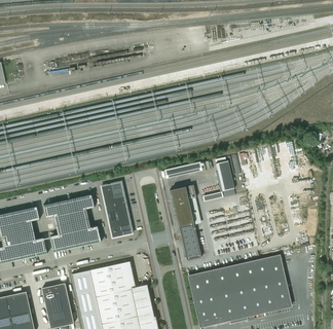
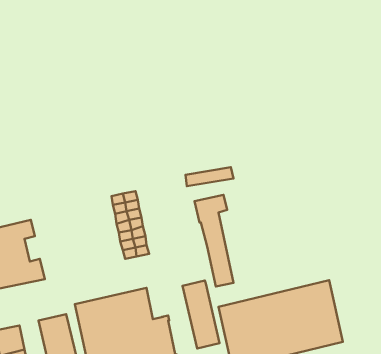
building: [215,160,233,191] -> none
building: [42,194,99,252] -> none
building: none -> [182,281,220,349]

